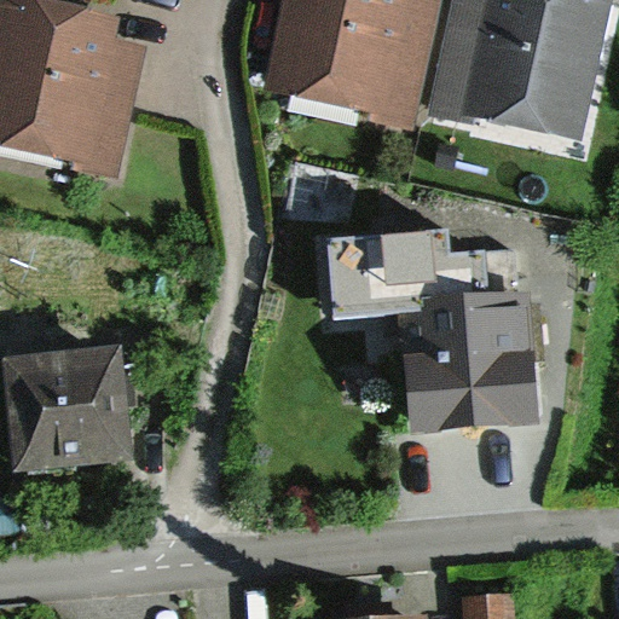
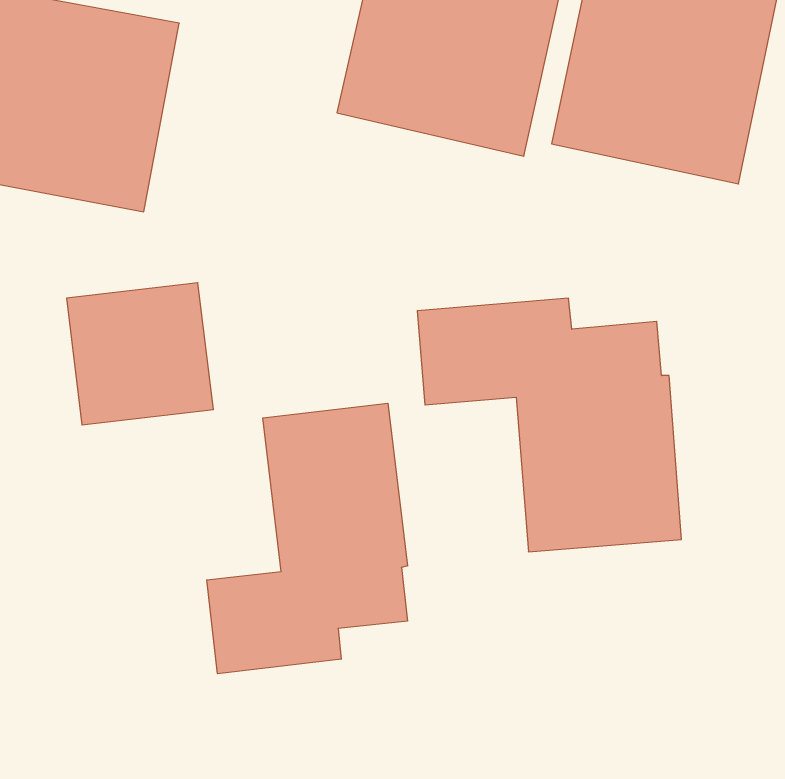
building: none -> [207,403,408,674]
building: [17,361,132,473] -> [67,283,213,425]

